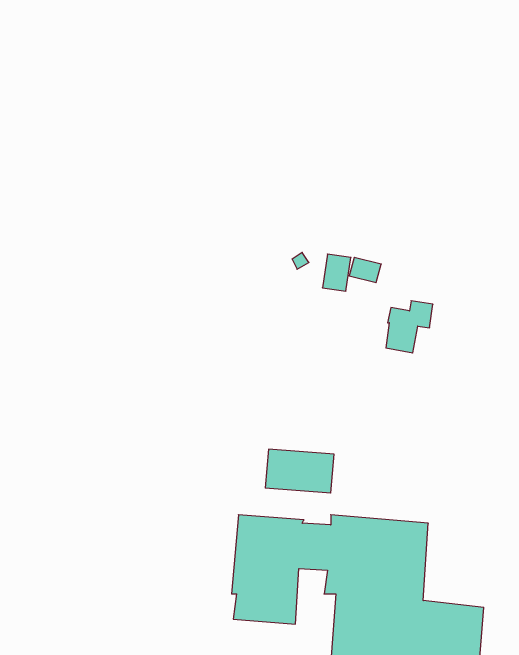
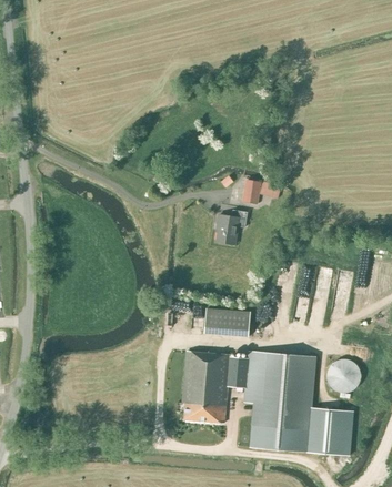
building: [386,301,433,353] -> [217,210,248,244]
building: none -> [326,358,360,393]

